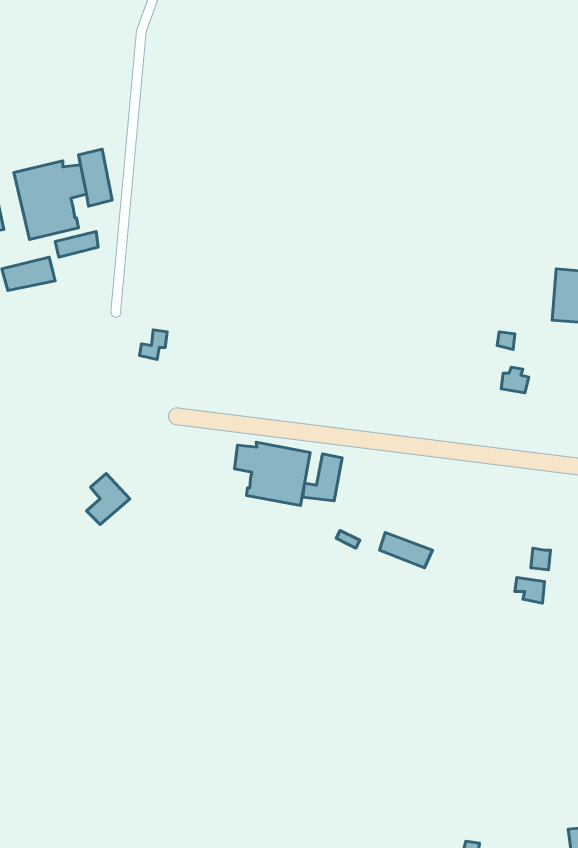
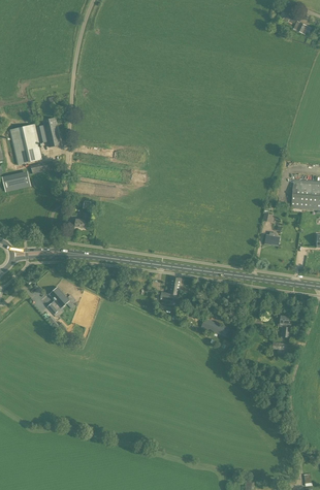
building: [234,442,310,506] -> none

